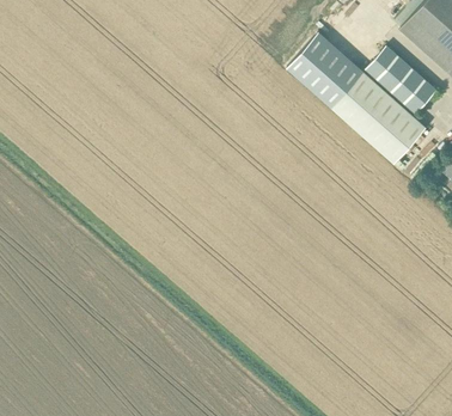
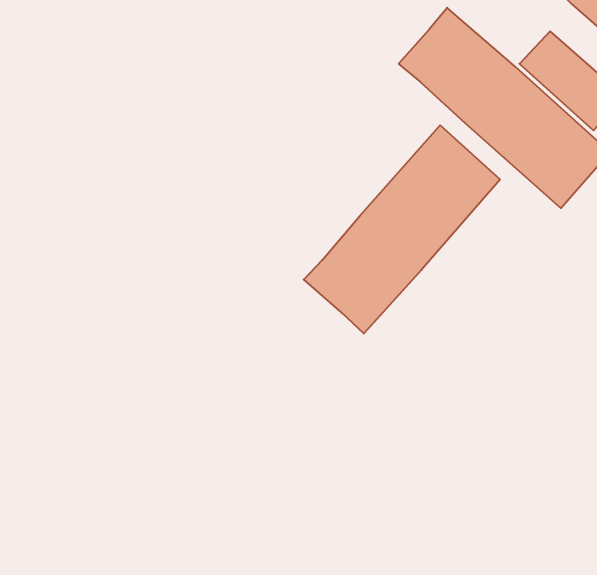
building: none -> [304,125,500,334]

